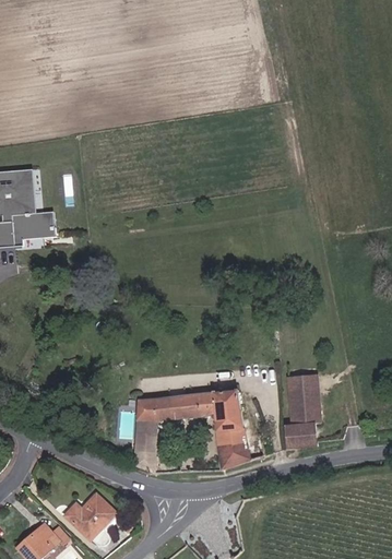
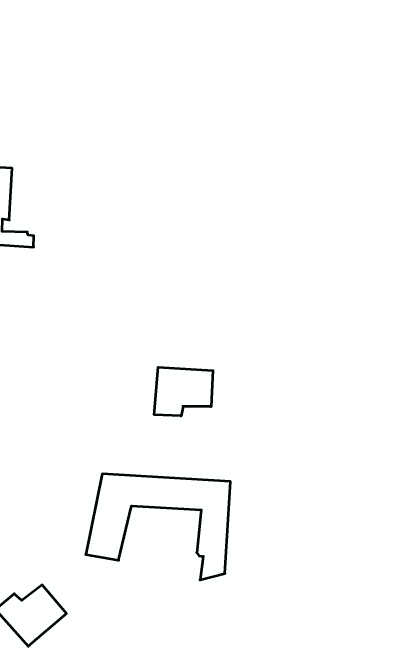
building: none -> [154,367,213,416]
building: [281,373,317,447] -> none

